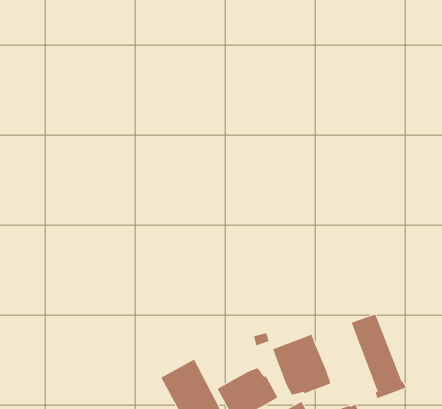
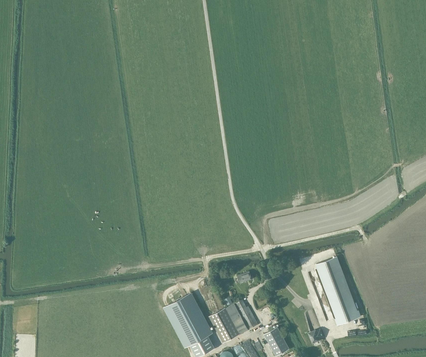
building: [273,334,331,395] -> none

